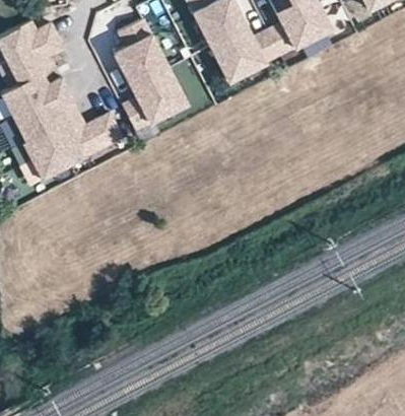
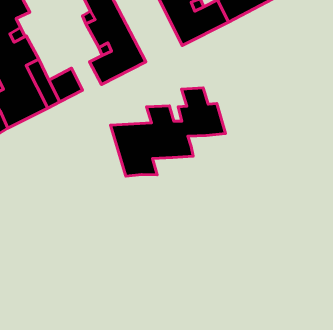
building: none -> [111,88,226,176]

